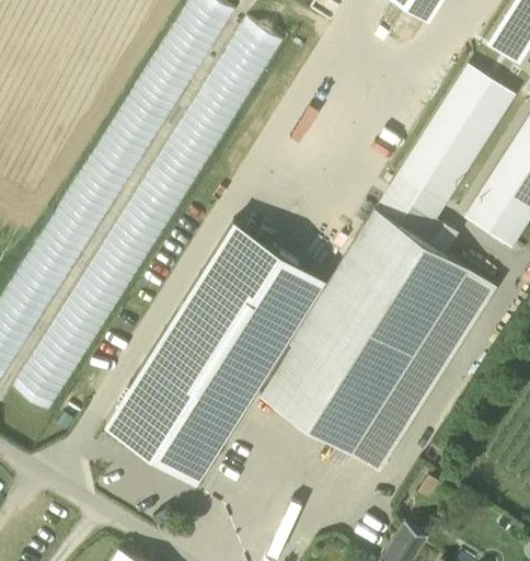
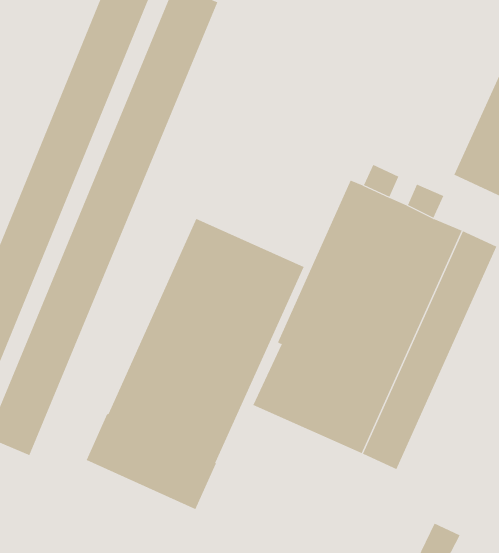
building: [398,70,510,206] -> none

